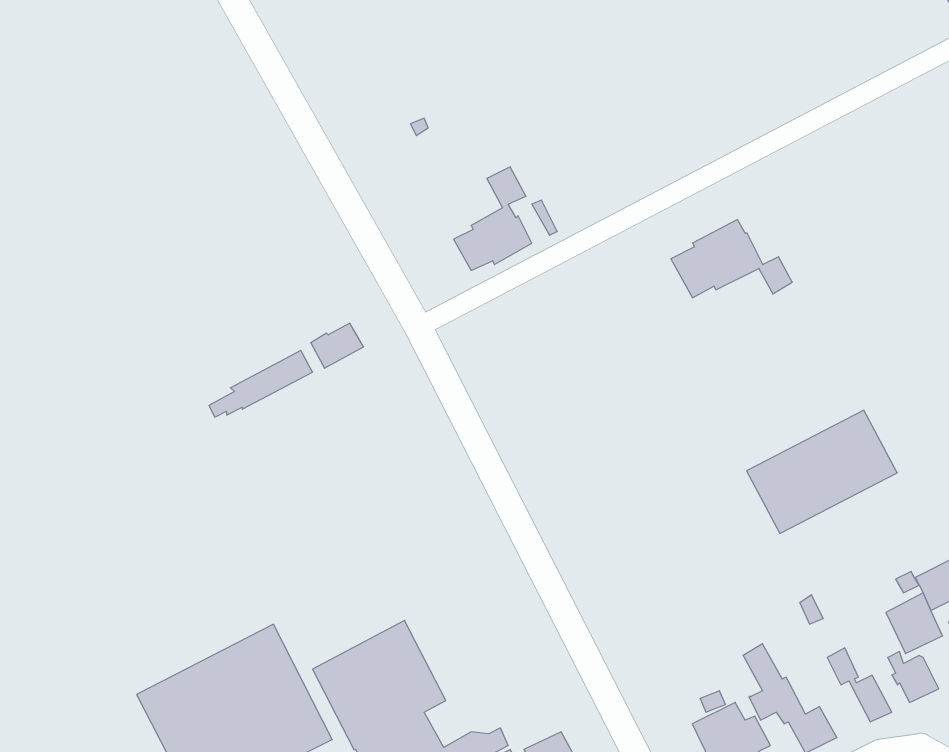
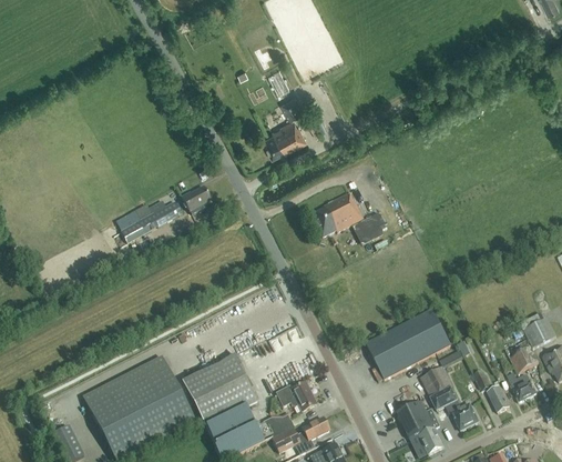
building: [671,220,792,298] -> [310,191,379,235]
building: [747,410,897,533] -> [366,308,451,378]
building: none -> [275,380,316,410]

